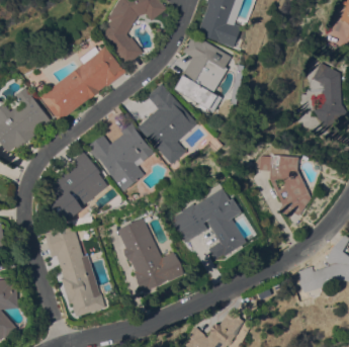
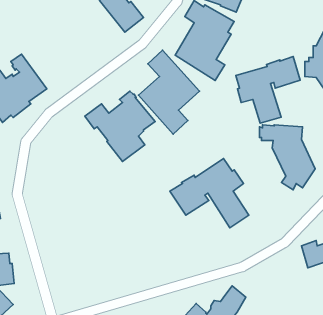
building: [43,47,128,122] -> none
building: none -> [236,57,300,123]
building: [45,152,110,224] -> none
building: [119,219,185,293] -> none
building: [47,229,106,318] -> none

